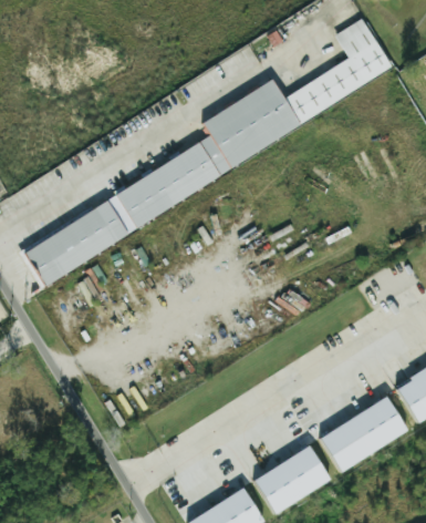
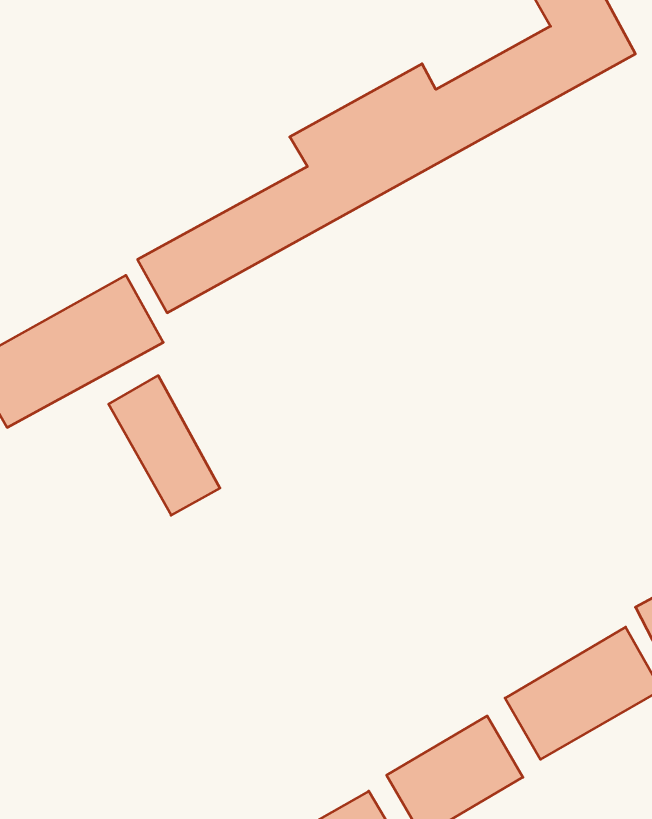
building: none -> [109,376,220,515]

